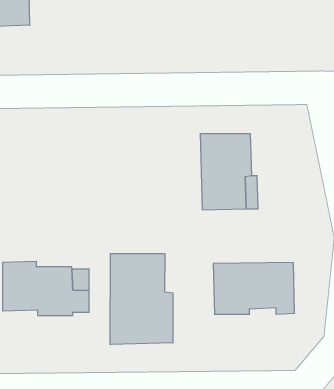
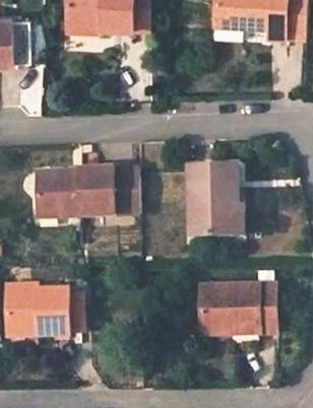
building: none -> [33,167,136,215]
building: [110,254,173,345] -> none

